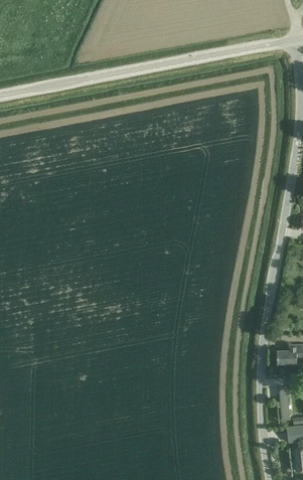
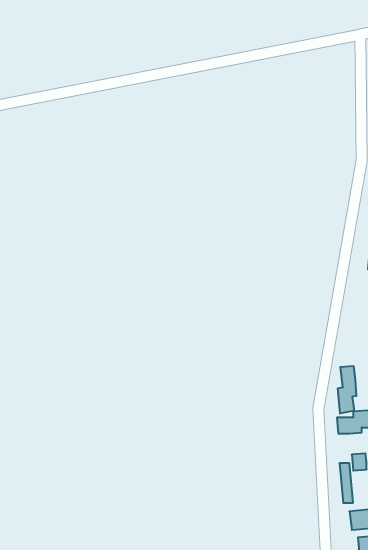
building: none -> [338,366,356,414]

